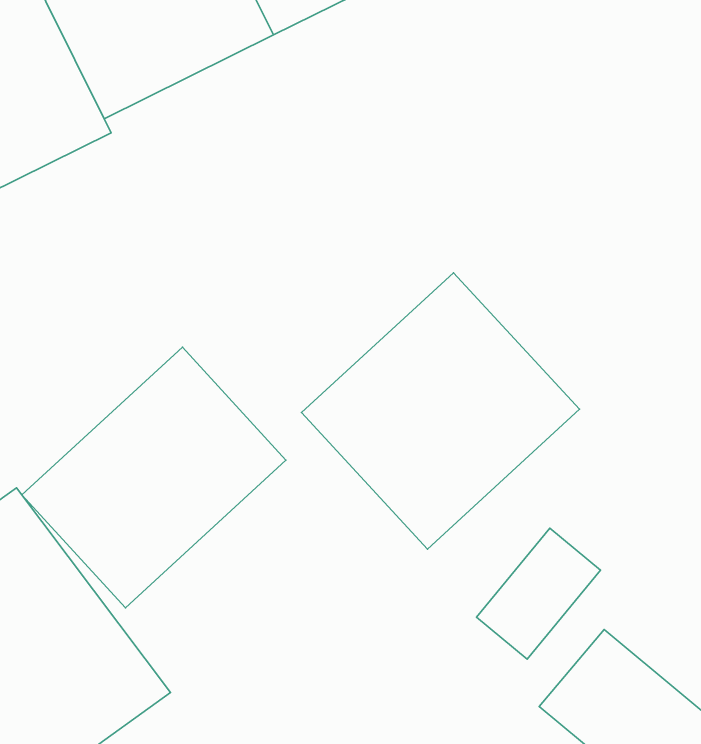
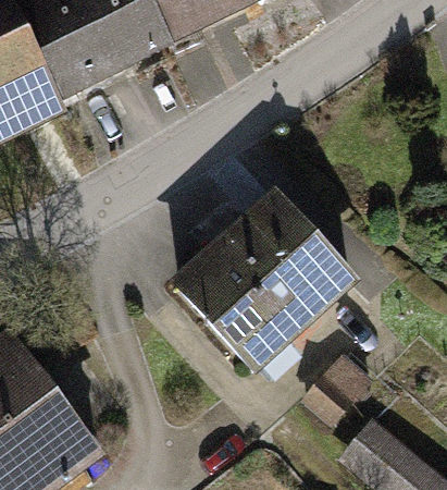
building: [22,347,286,608] -> none

